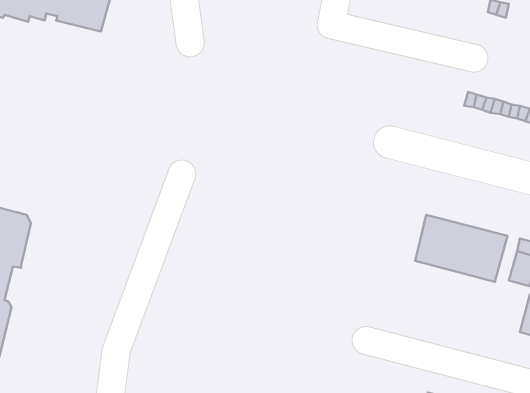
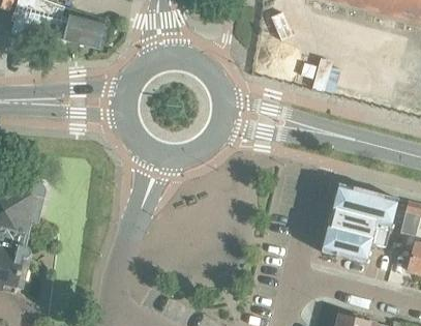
building: none -> [321,216,389,262]

